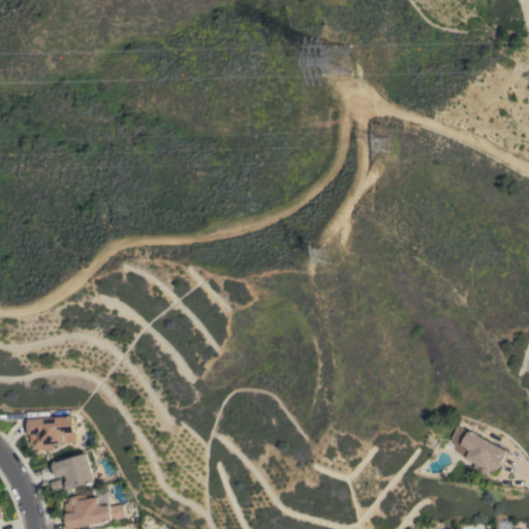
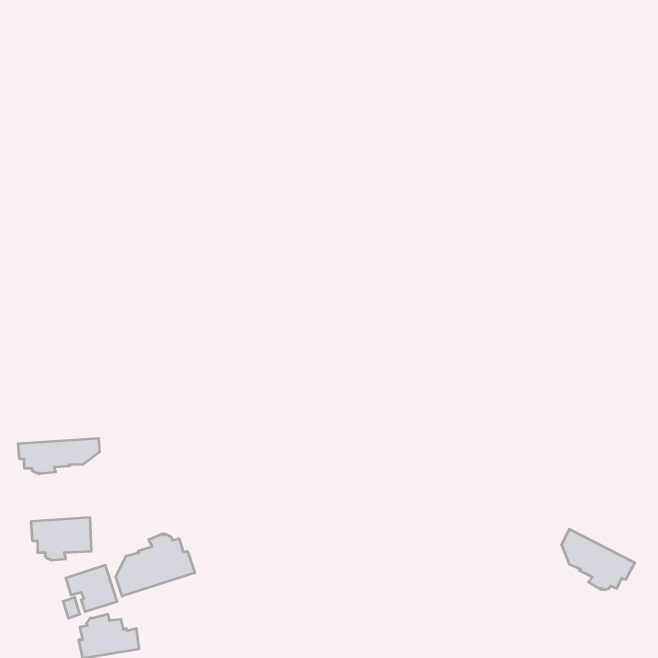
building: none -> [18,438,99,474]
building: none -> [116,534,195,596]

